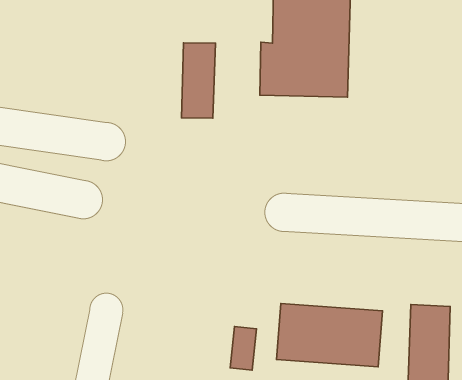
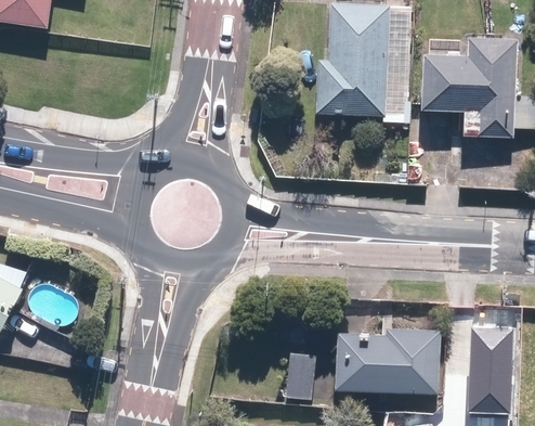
building: none -> [420,39,517,138]
building: [182,43,216,118] -> none

